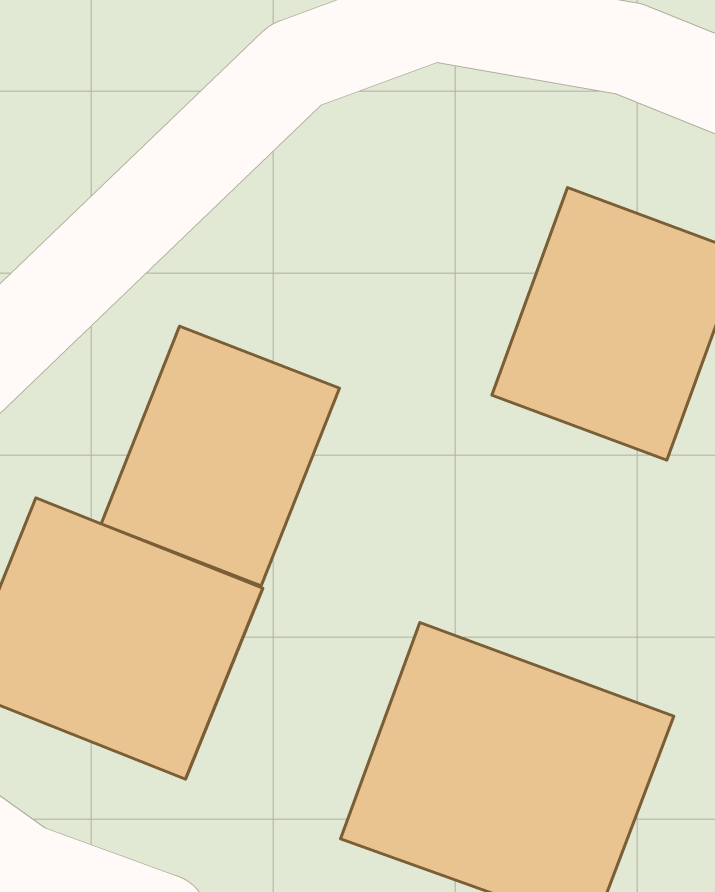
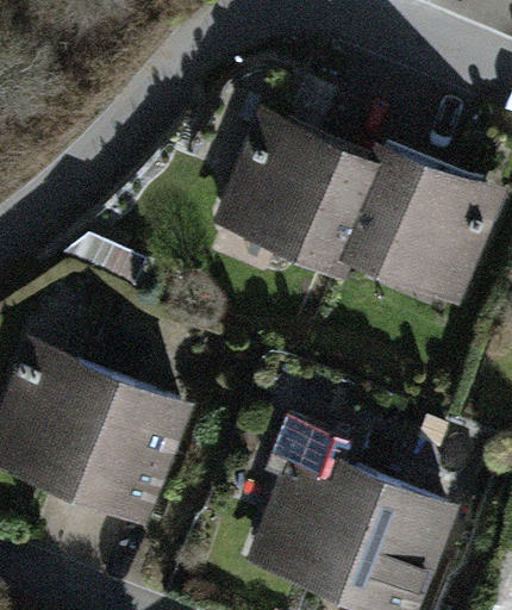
building: none -> [226,97,393,276]
building: [101,326,339,586] -> none

